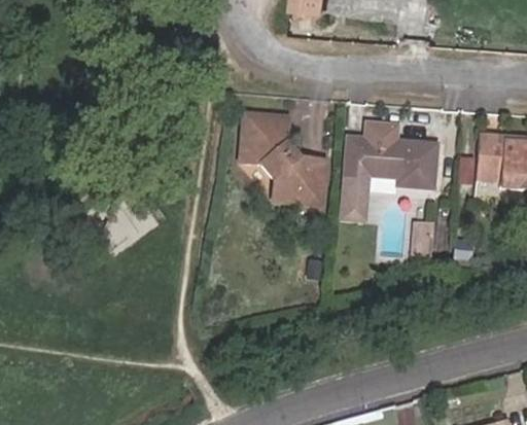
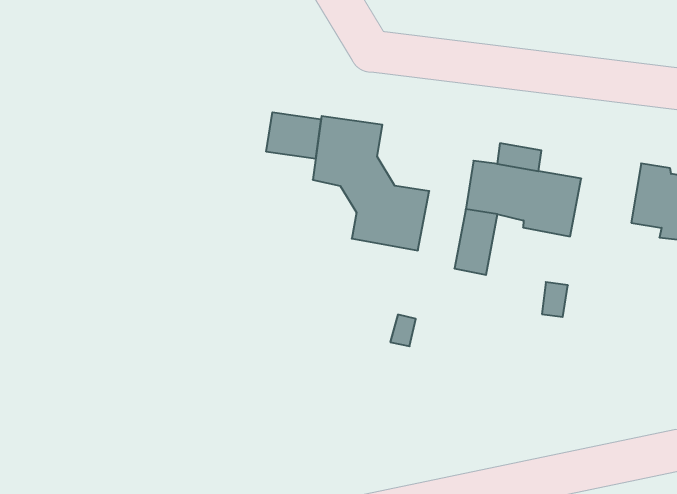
building: none -> [266,112,321,159]

